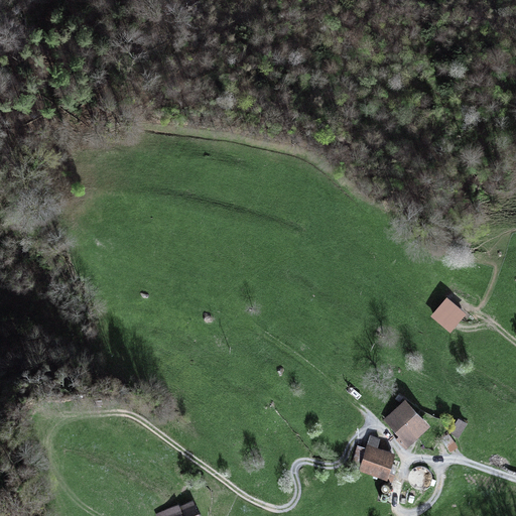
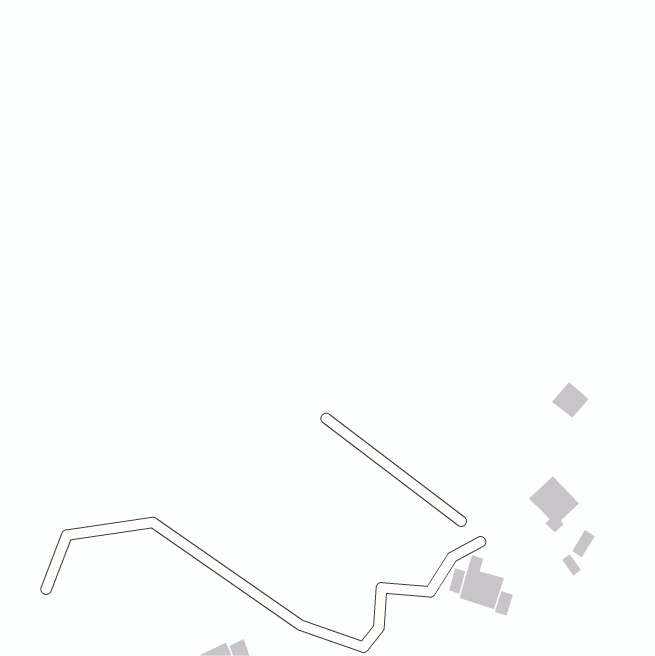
building: [384,402,424,447] -> [528,475,580,533]

